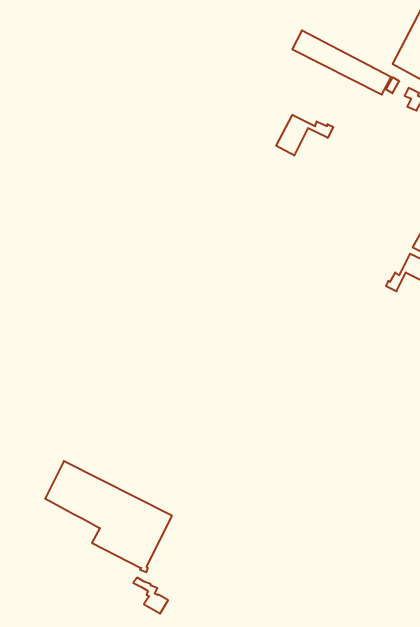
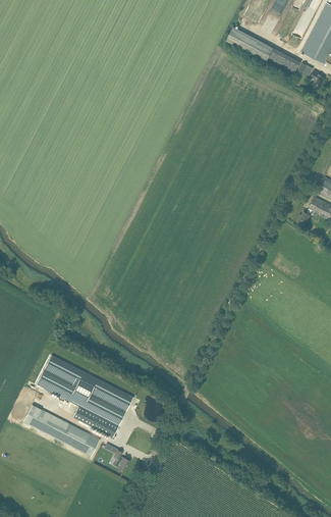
building: [276,115,333,156] -> none
building: none -> [22,404,100,456]

